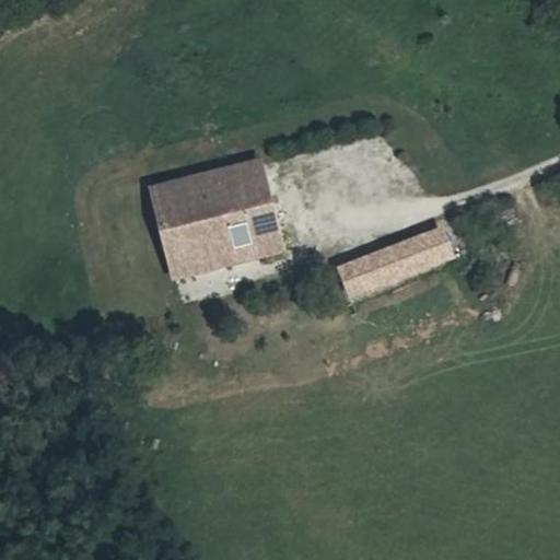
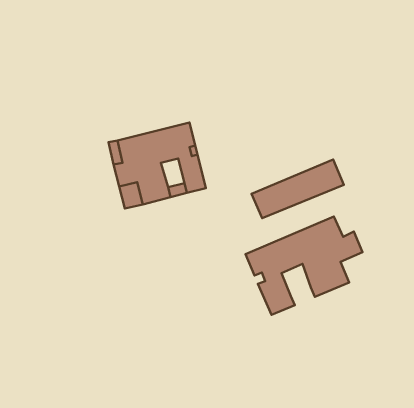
building: none -> [245,217,362,315]

